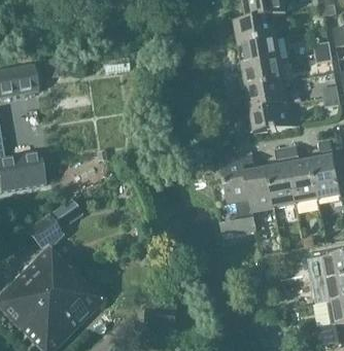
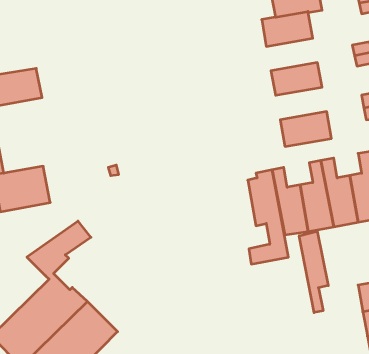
building: [237,38,282,67] -> none
building: [245,81,290,110] -> none
building: none -> [299,231,328,313]

